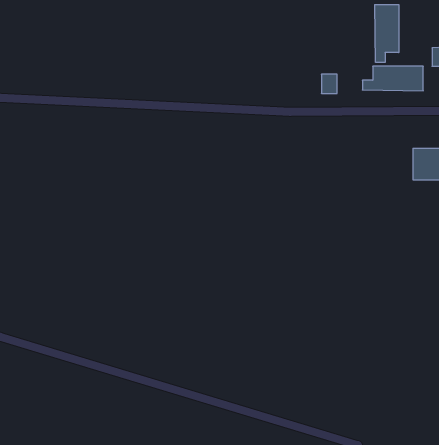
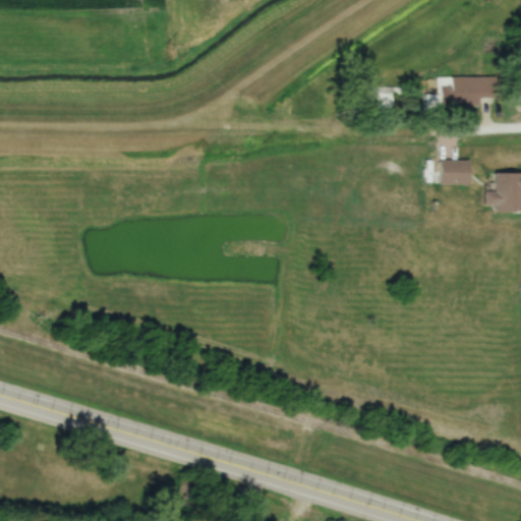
building: [375,5,399,62] -> none
building: none -> [445,162,472,184]

